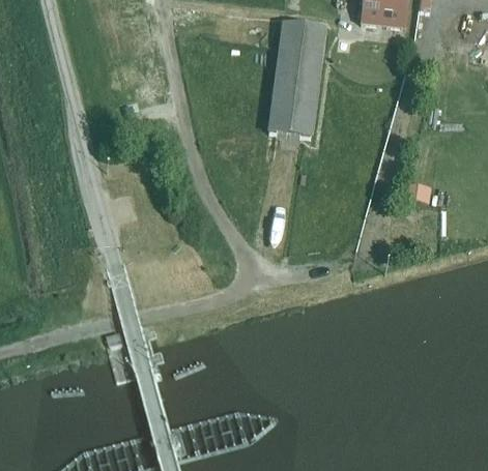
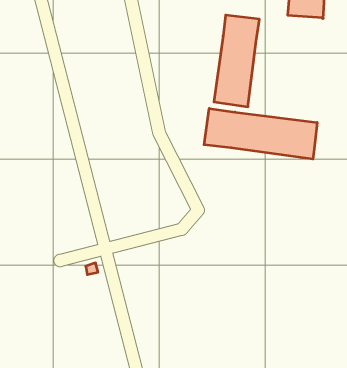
building: none -> [204,108,317,159]

